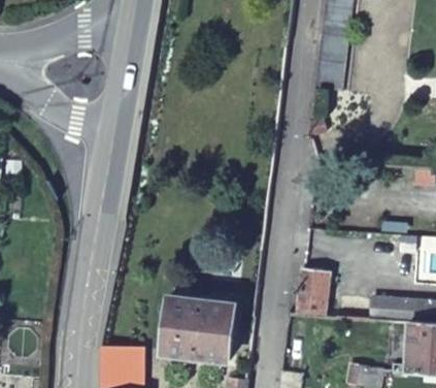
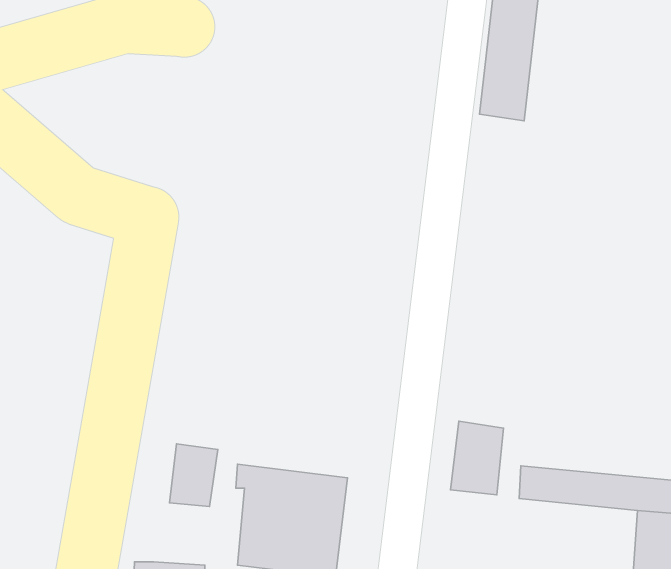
building: none -> [169,444,218,507]

